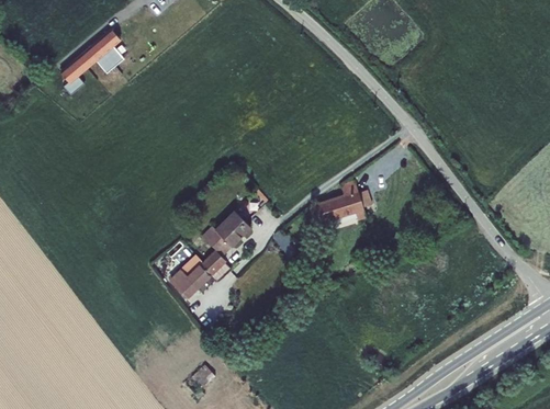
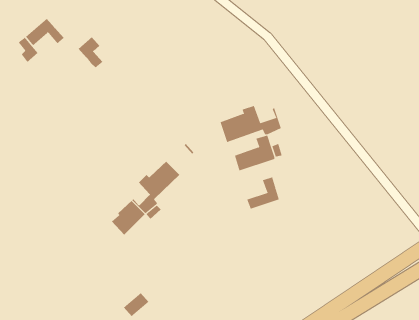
building: [93,30,123,67] -> [78,37,103,68]
building: none -> [220,105,282,143]
building: none -> [247,176,280,209]

